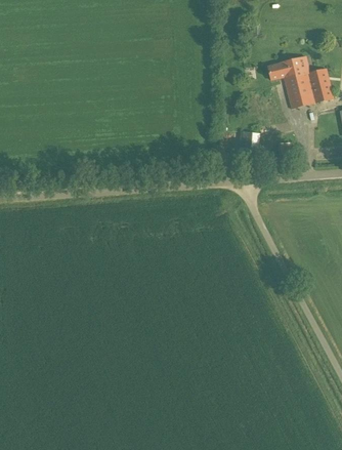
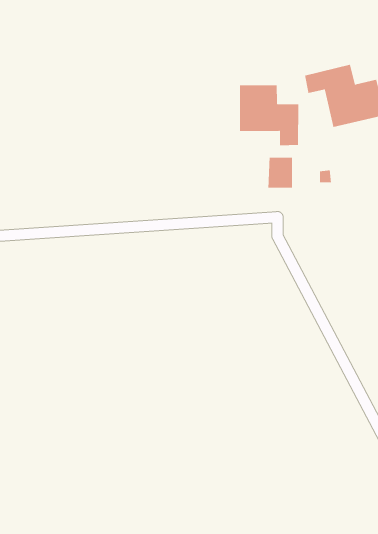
building: none -> [239,84,299,146]

